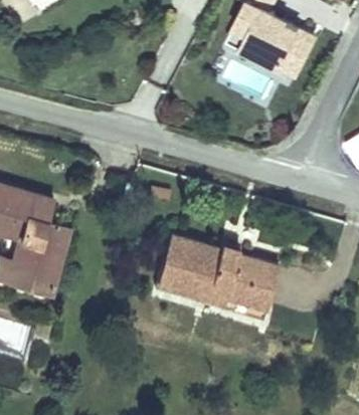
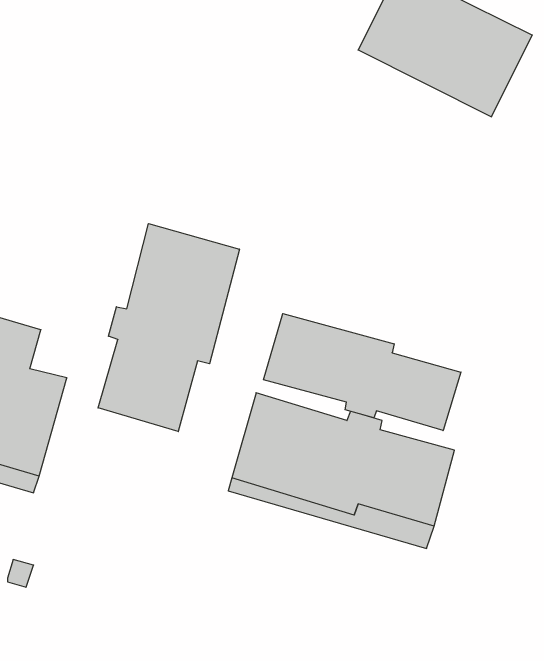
building: none -> [98,224,239,432]
building: none -> [263,314,461,431]

